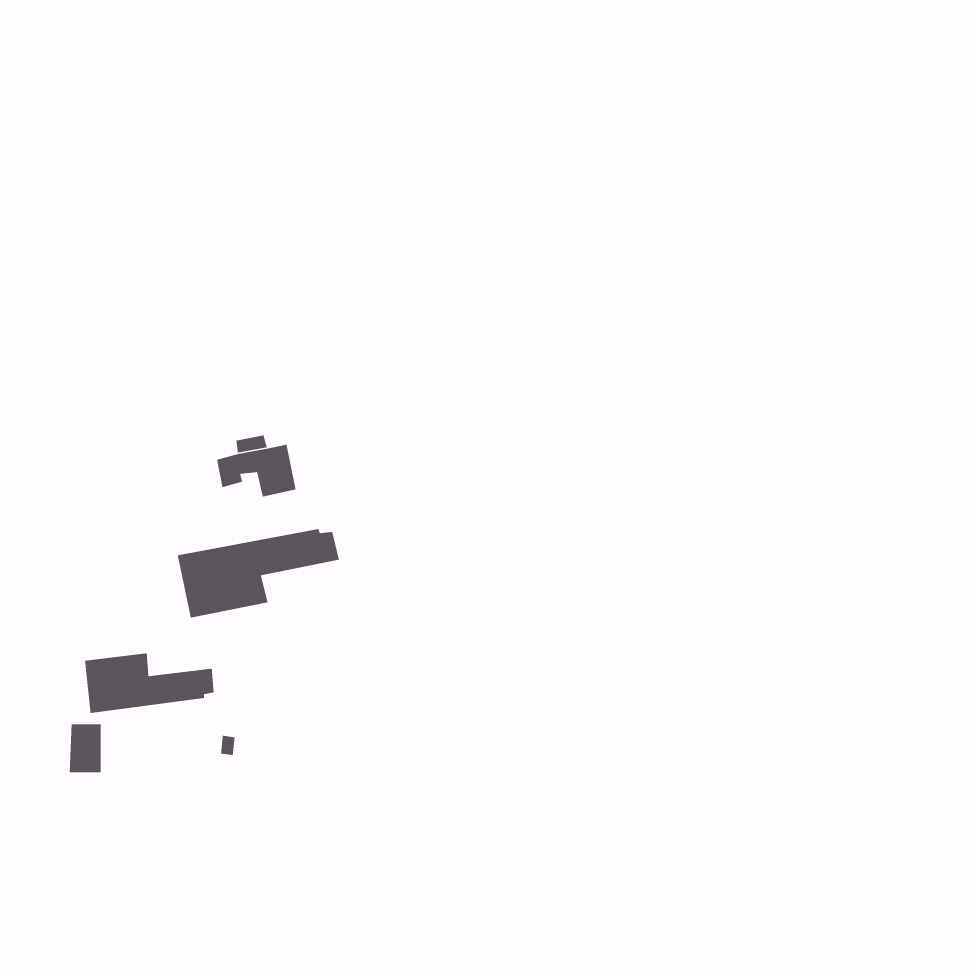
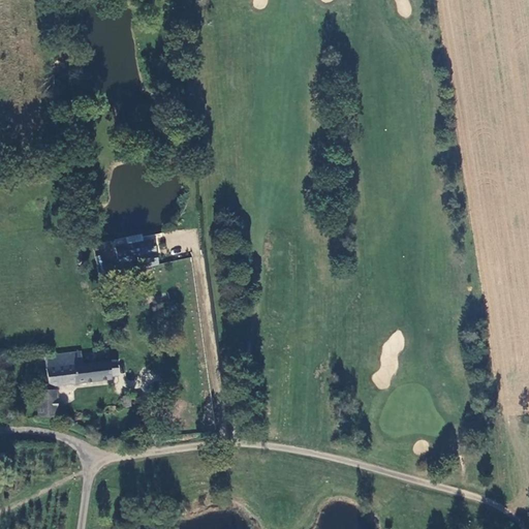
building: [177,528,340,618] -> none

